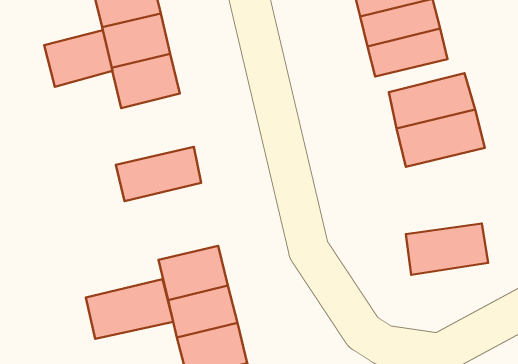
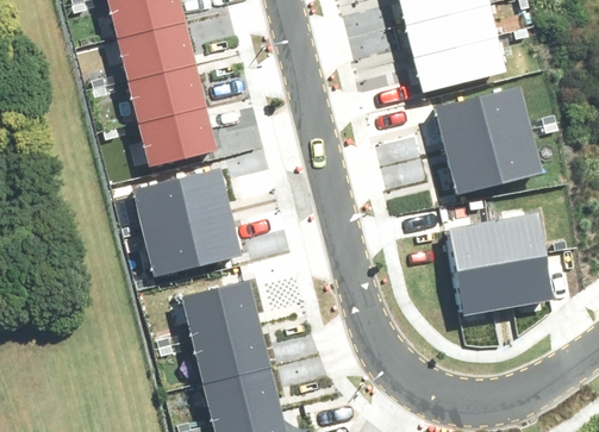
building: [44,30,112,87] -> [139,109,216,173]
building: none -> [451,214,542,267]
building: [86,279,173,339] -> [143,209,241,276]

